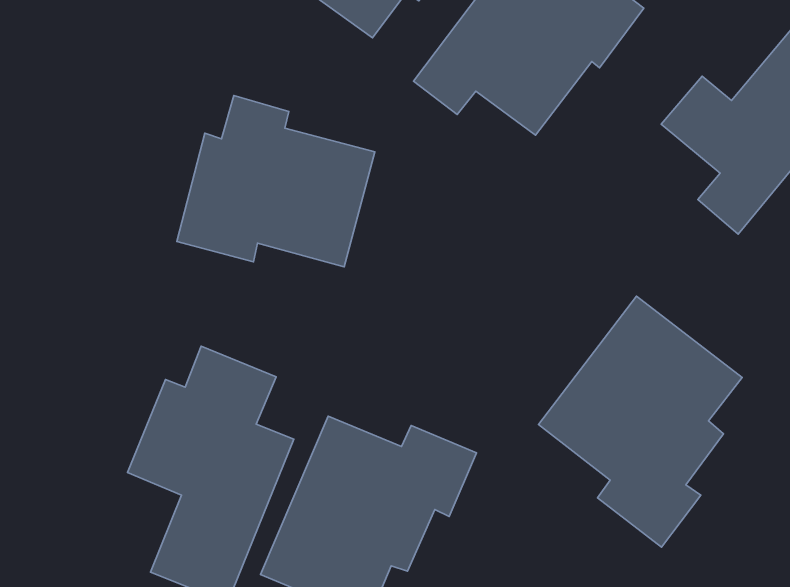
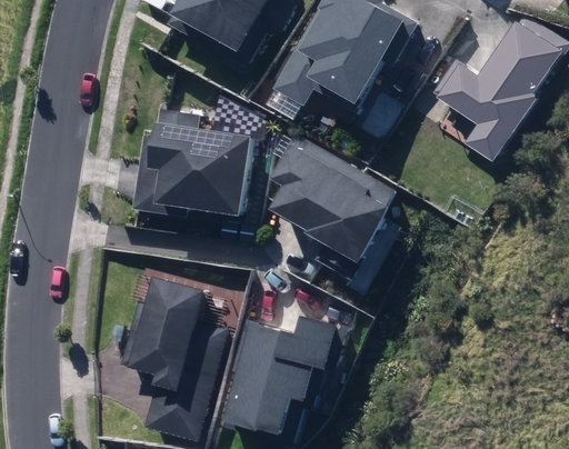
building: none -> [276,143,395,257]
building: [539,296,742,547] -> none

